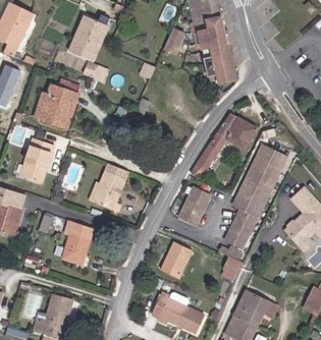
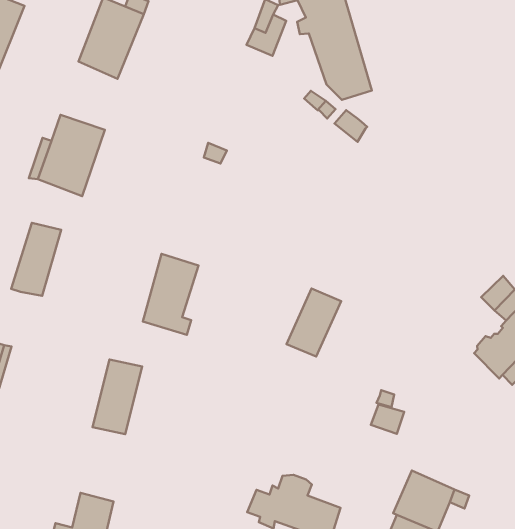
building: [191,114,253,175] -> none
building: [224,144,282,247] -> none
building: [159,240,189,275] -> none

